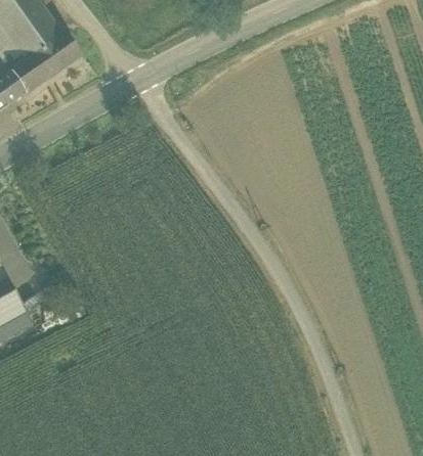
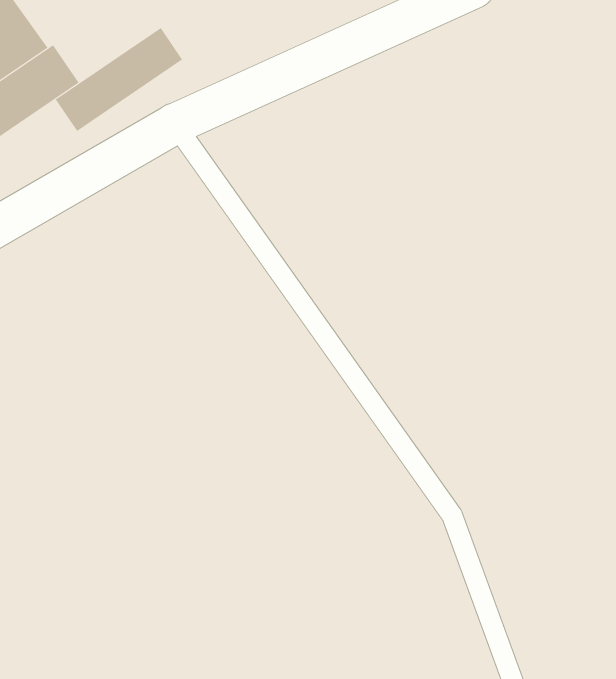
building: none -> [55,27,183,132]

